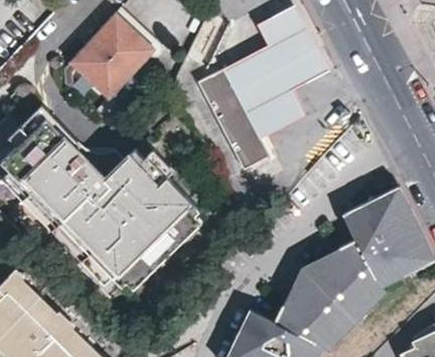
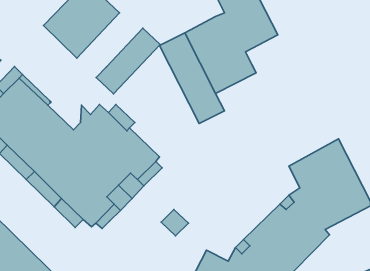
building: none -> [96,28,160,94]

